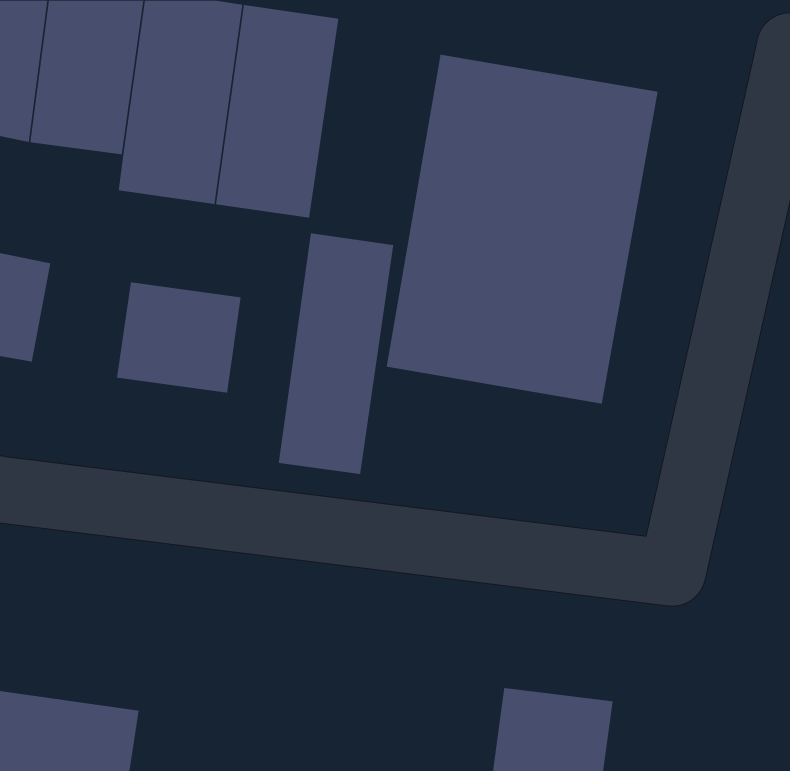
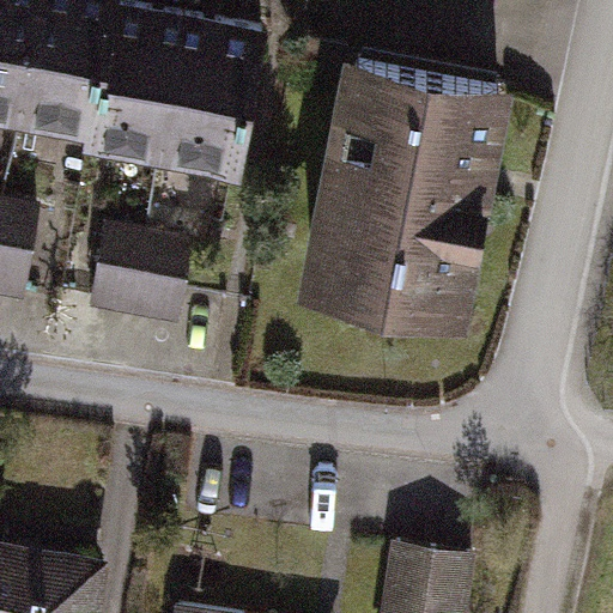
building: [278,233,394,475] -> none

